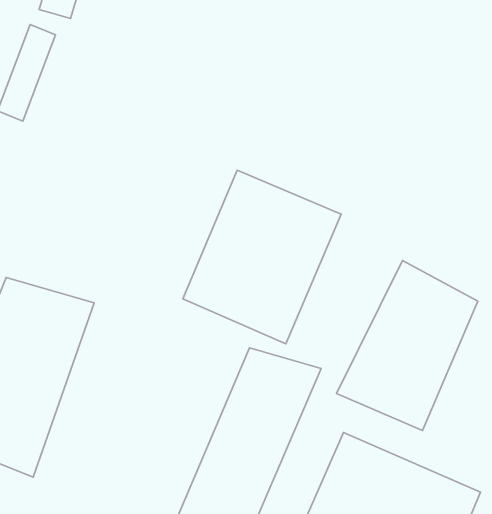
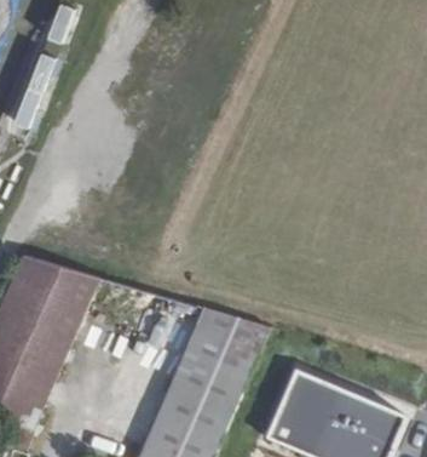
building: [183,170,341,344] -> none
building: [337,261,478,431] -> none

